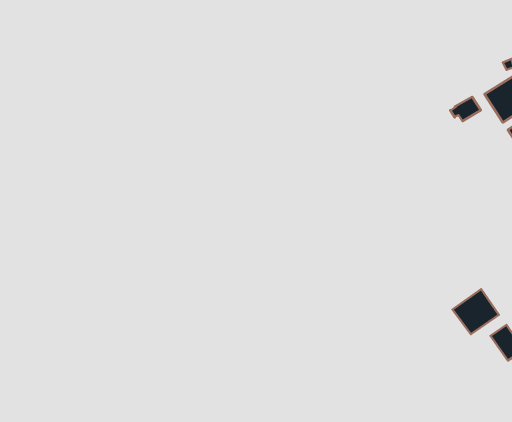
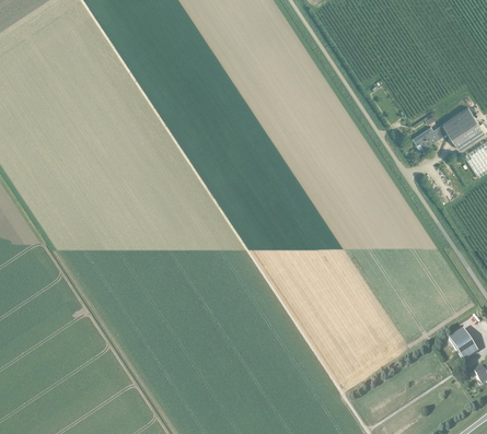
building: [452,289,499,334] -> none

